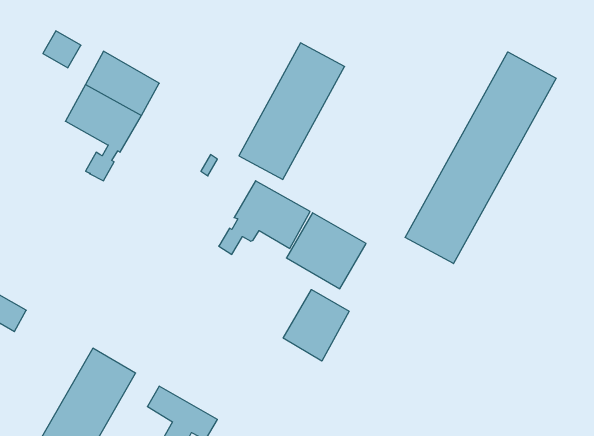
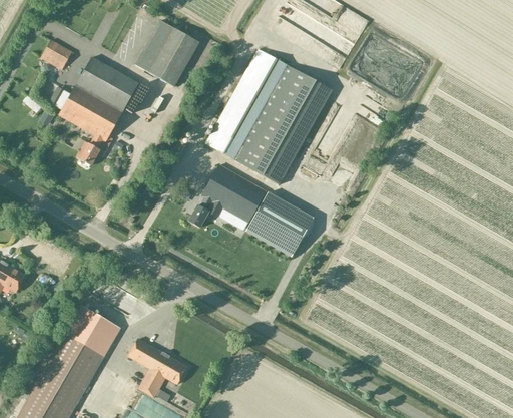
building: none -> [135,20,198,86]
building: [405,52,556,264] -> none
building: none -> [242,69,331,184]
building: [283,290,349,361] -> none

